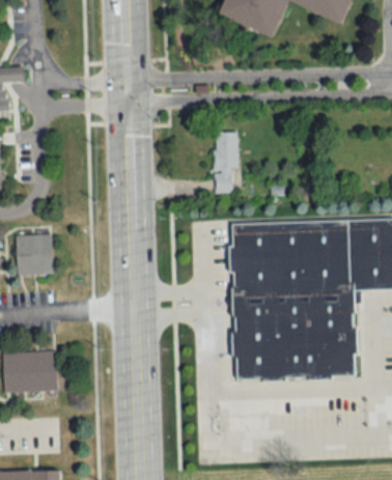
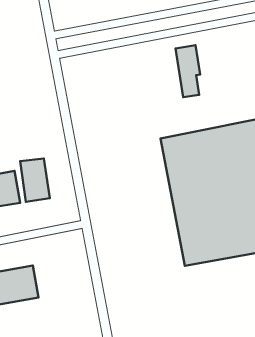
building: [214,133,239,193] -> [175,45,200,97]
building: none -> [20,159,50,202]

